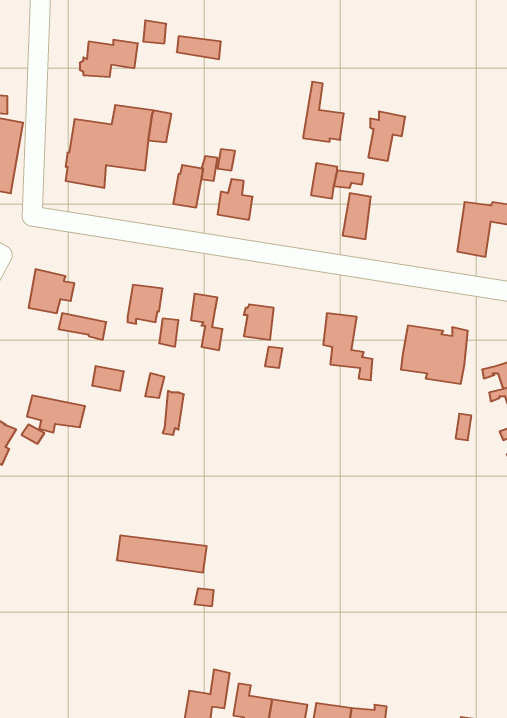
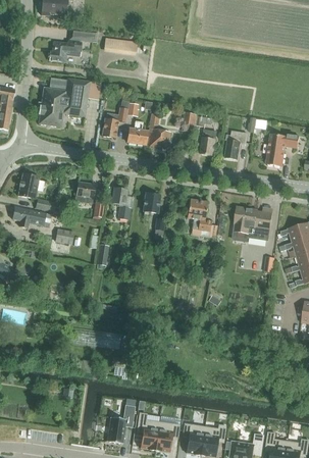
building: [303,82,344,142] -> [147,113,170,148]
building: [368,111,405,161] -> [225,130,247,158]
building: [27,395,85,433] -> [12,206,46,227]

